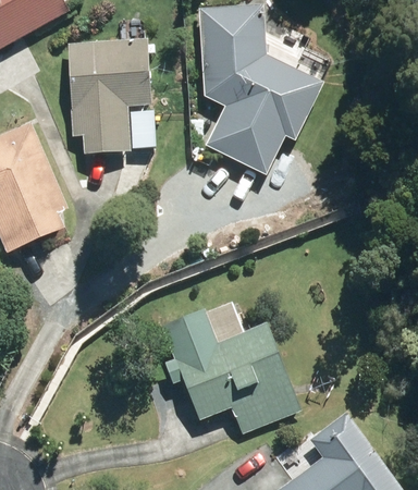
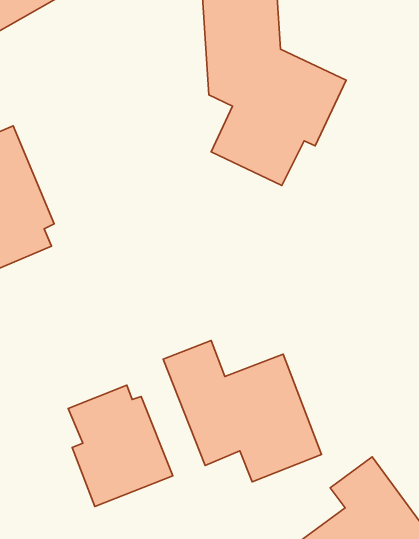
building: [66,39,157,154] -> none
building: none -> [68,385,173,506]

